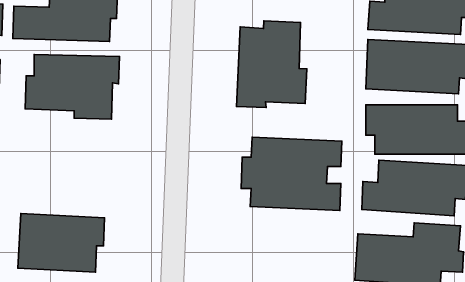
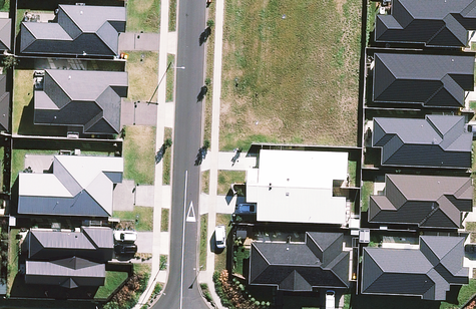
building: [236,21,307,107] -> none
building: none -> [17,153,121,215]
building: none -> [250,233,351,290]

